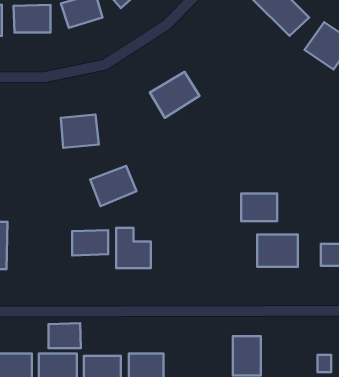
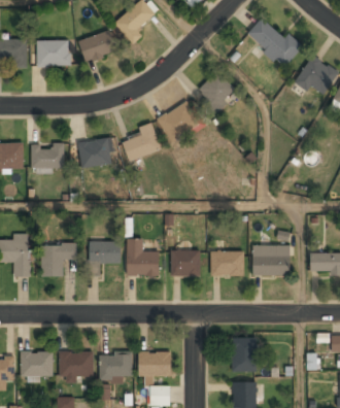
building: none -> [196,70,238,113]
building: none -> [31,144,64,169]
building: [90,166,136,206] -> [121,126,162,162]
building: [241,193,277,221] -> [211,249,243,274]
building: none -> [41,244,76,277]
building: none -> [171,249,200,274]
building: [48,323,81,348] -> none

